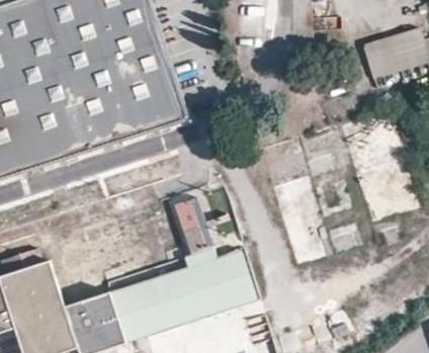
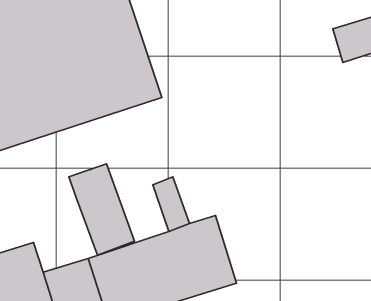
building: none -> [69,164,134,255]

